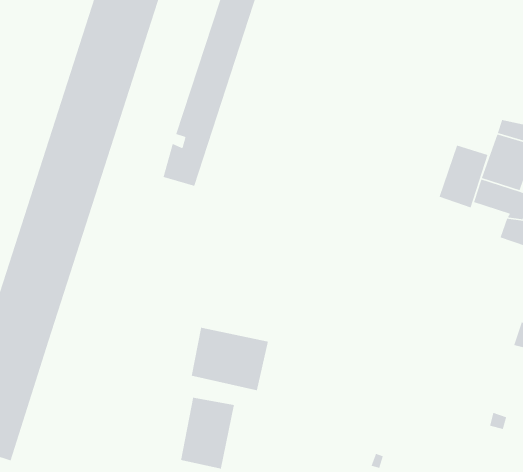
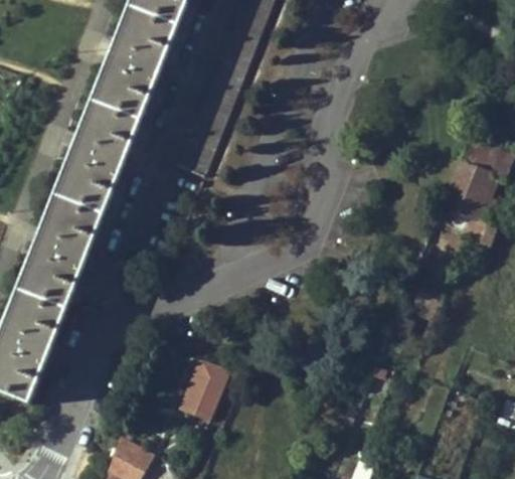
building: [439,145,488,208] -> none
building: [191,327,269,391] -> none

